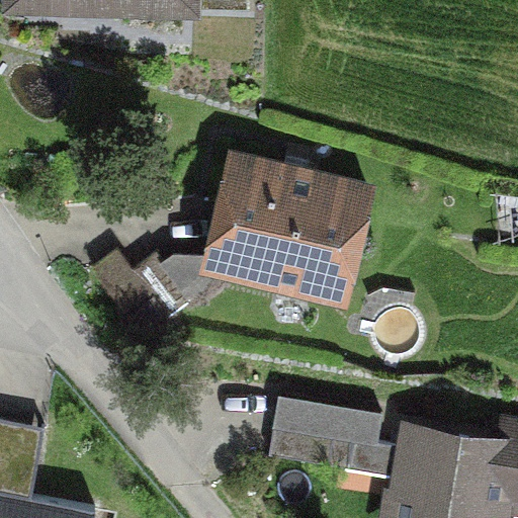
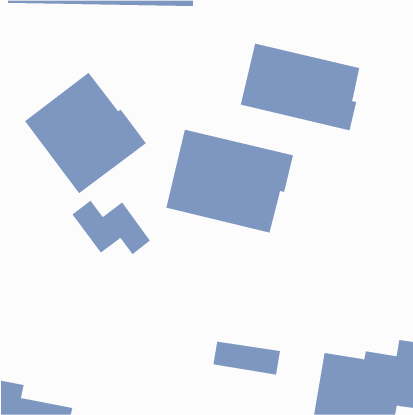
building: none -> [240,43,360,131]
building: none -> [24,72,147,194]

